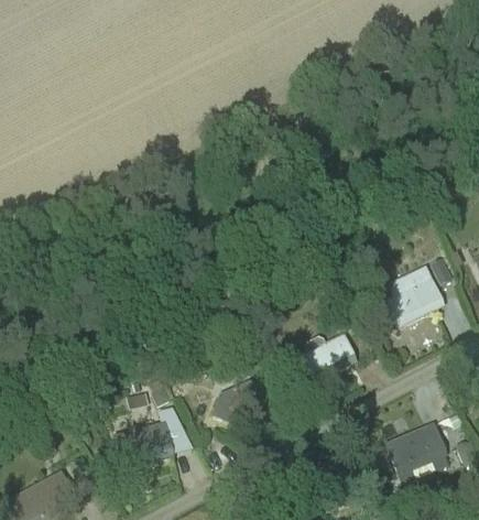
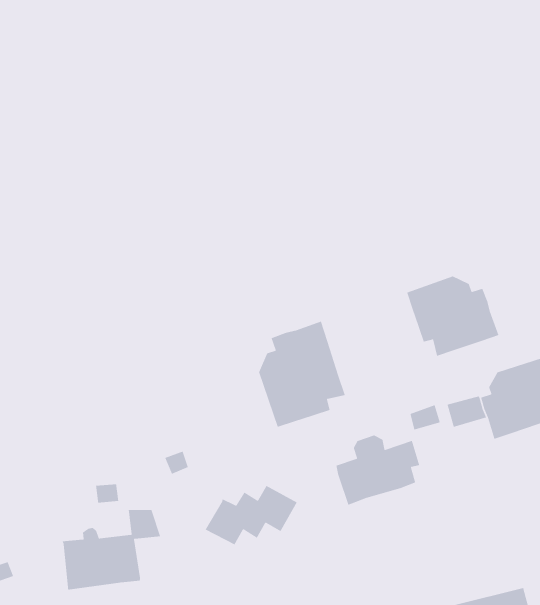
building: none -> [406,275,500,357]
building: none -> [258,320,346,428]

